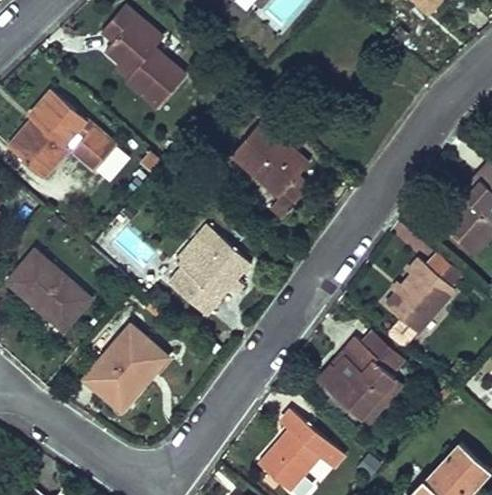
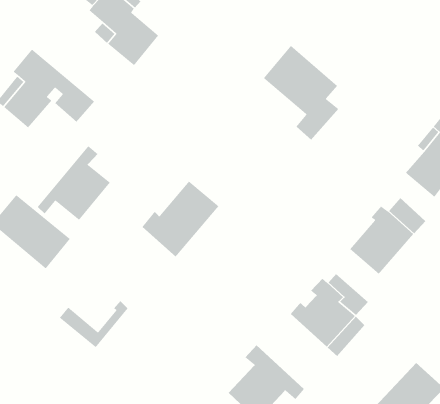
building: [227,123,309,226] -> [263,45,339,140]
building: none -> [37,145,111,221]
building: [87,325,164,396] -> none

